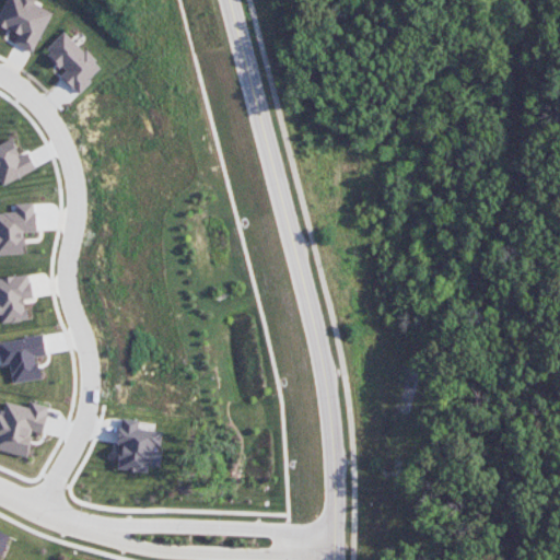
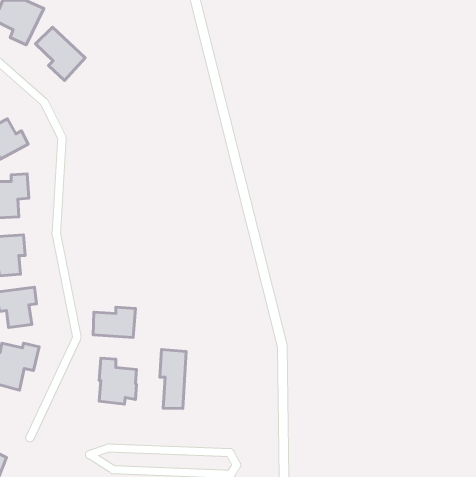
building: none -> [93,307,135,337]
building: none -> [160,350,186,409]

